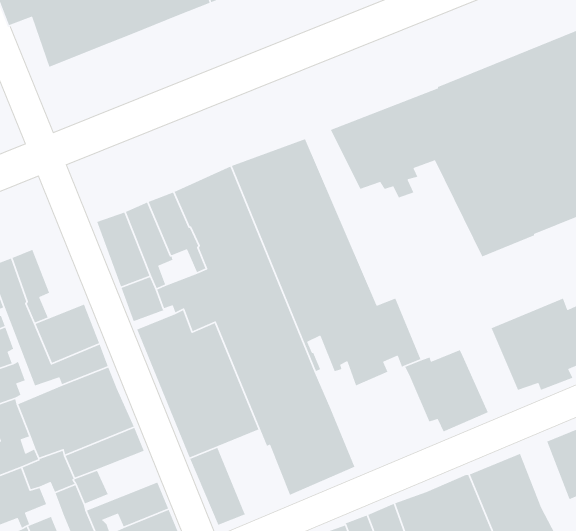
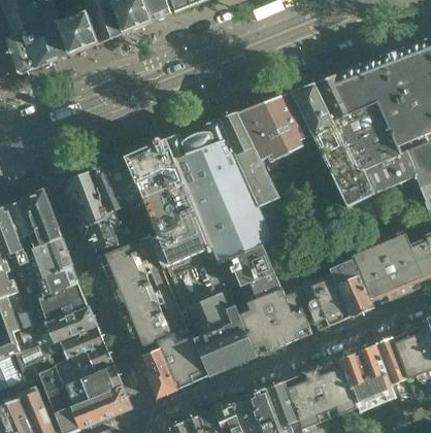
building: none -> [7,32,36,73]
building: none -> [221,112,296,238]
building: none -> [24,190,62,247]
building: none -> [333,262,374,315]
building: none -> [239,287,313,355]
building: none -> [158,328,209,388]
building: none -> [375,336,409,384]
building: none -> [71,343,113,374]

